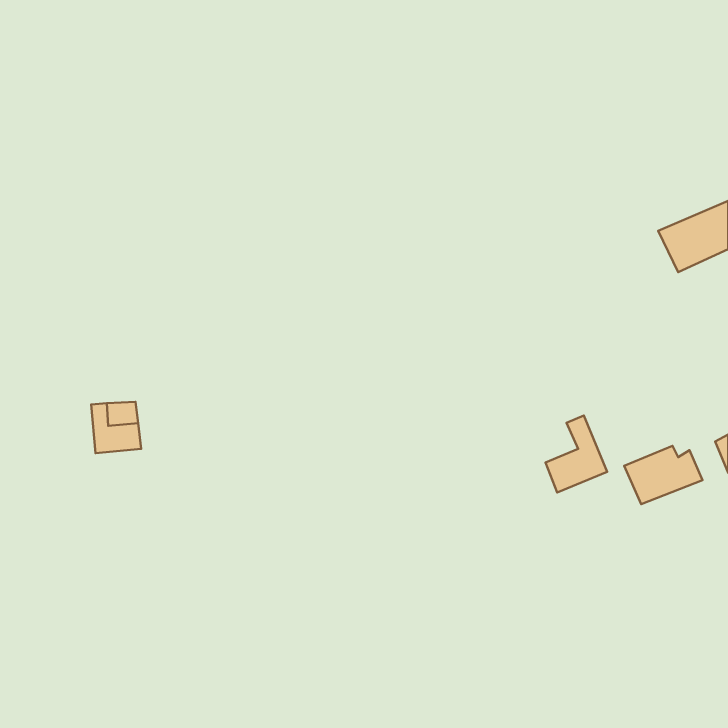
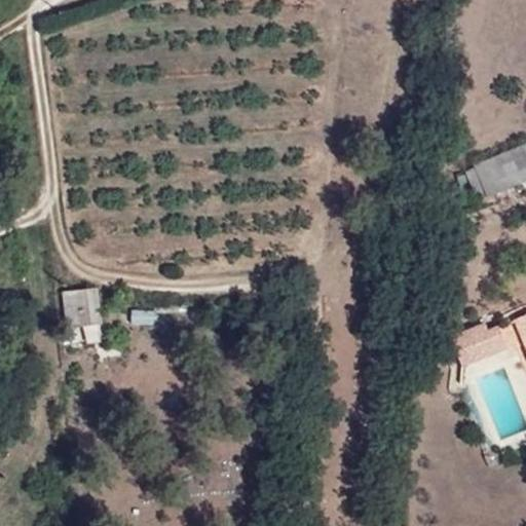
building: [545,416,607,492] -> none

